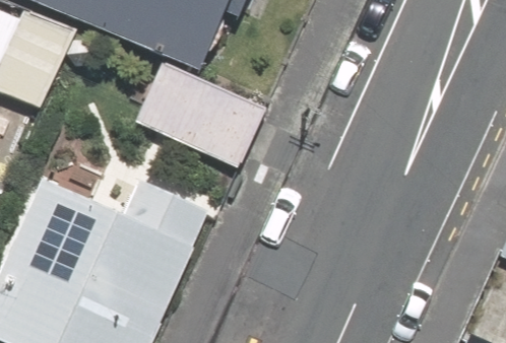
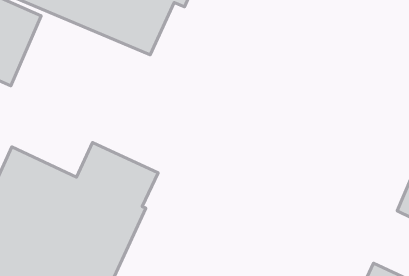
building: [133,59,264,166] -> none

